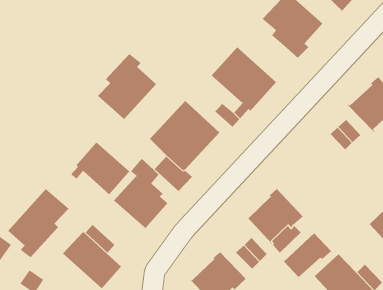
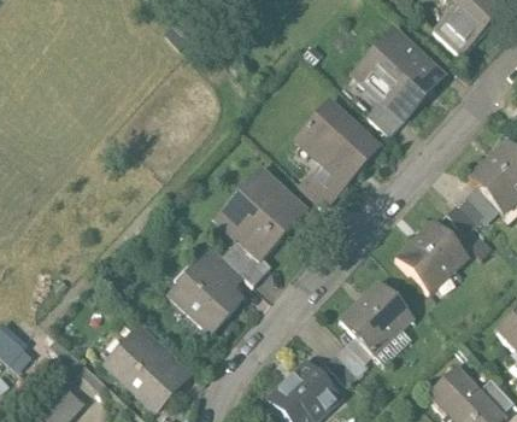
building: none -> [366,95,405,134]
building: [97,53,157,120] -> none
building: none -> [395,218,466,289]
building: [70,141,130,195] -> none
building: [7,188,69,258] -> none
building: [283,232,332,278] -> none

